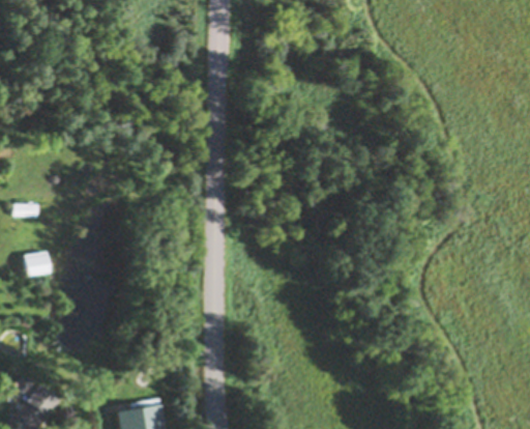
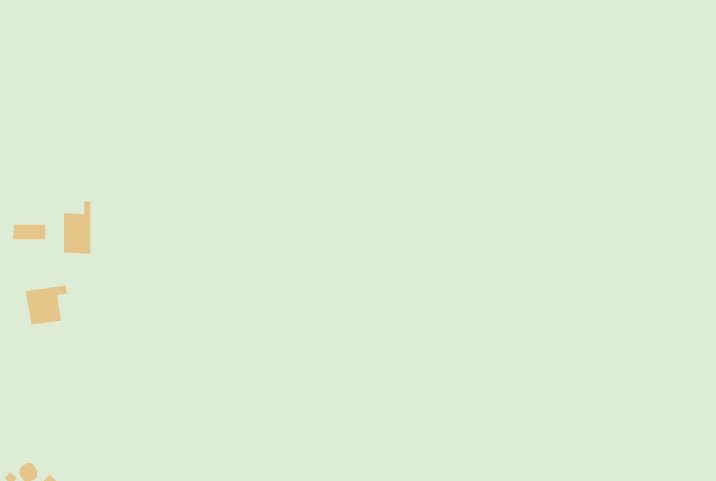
building: none -> [63,201,91,254]

